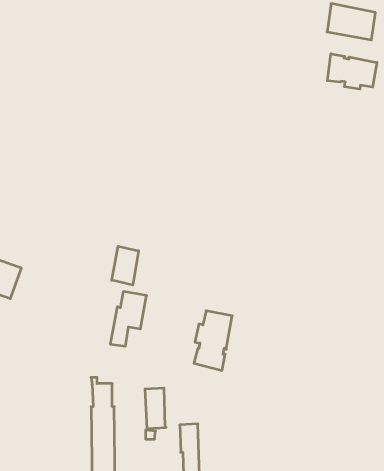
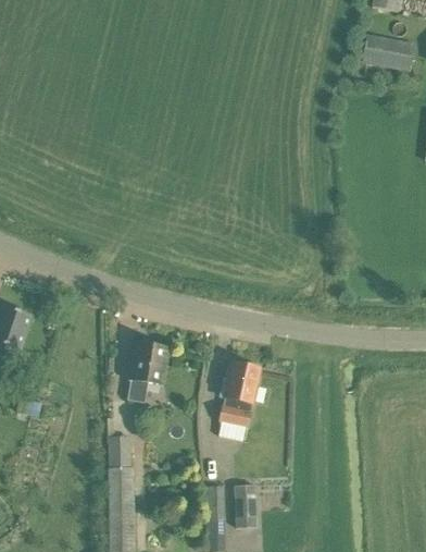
building: [327,54,377,89] -> none
building: [112,246,139,285] -> none
building: [145,388,166,428] -> [235,483,258,527]

